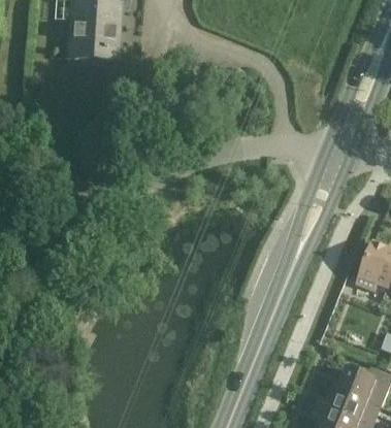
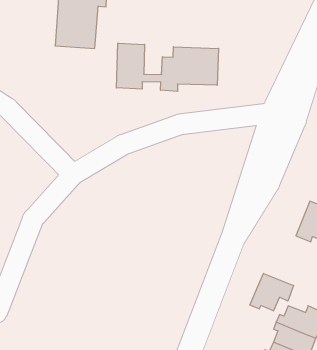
building: none -> [116,43,219,91]
building: none -> [250,273,294,311]

